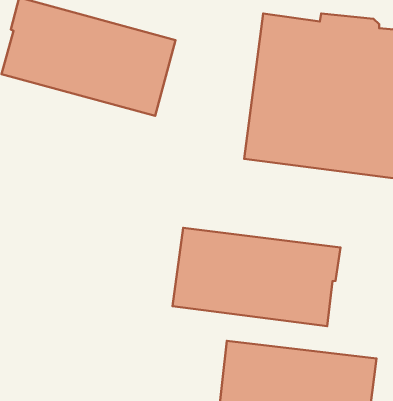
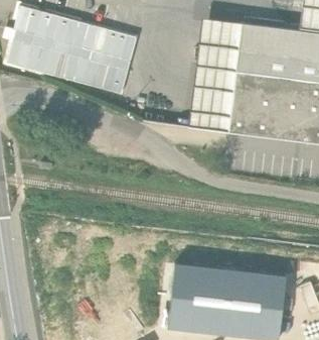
building: [173,228,341,326] -> none

